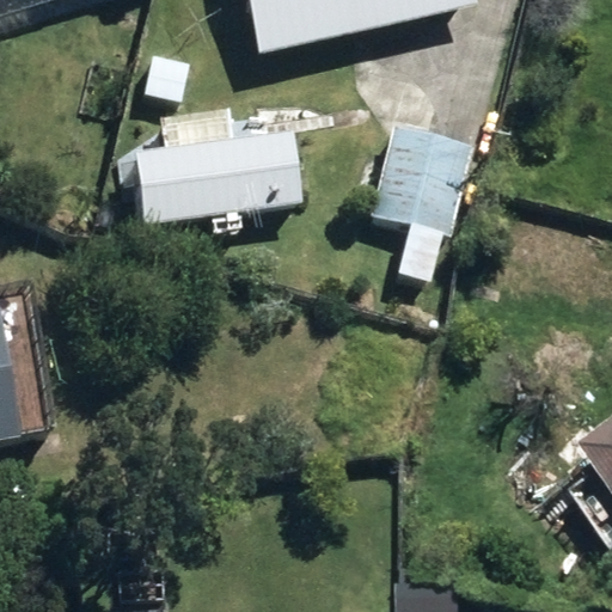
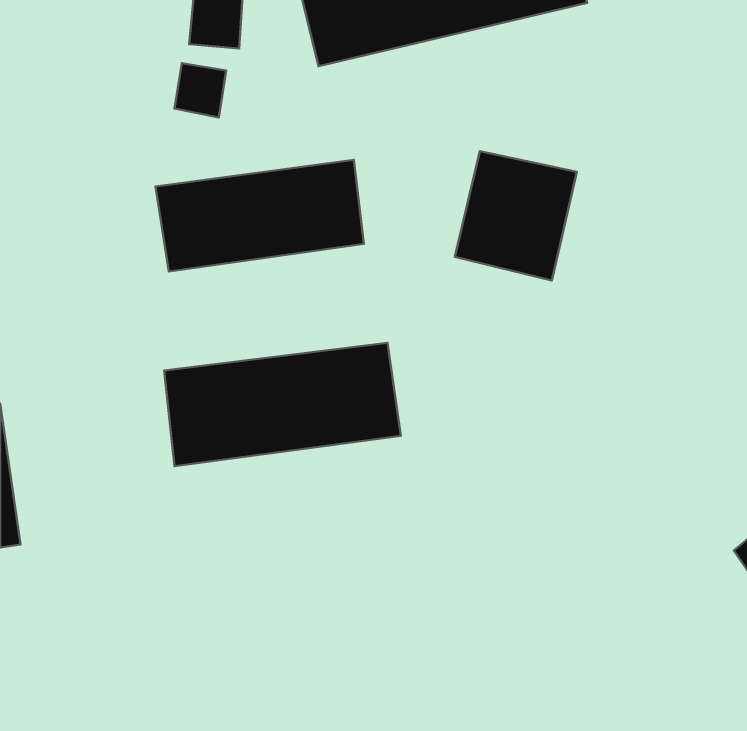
building: none -> [164,343,401,466]

